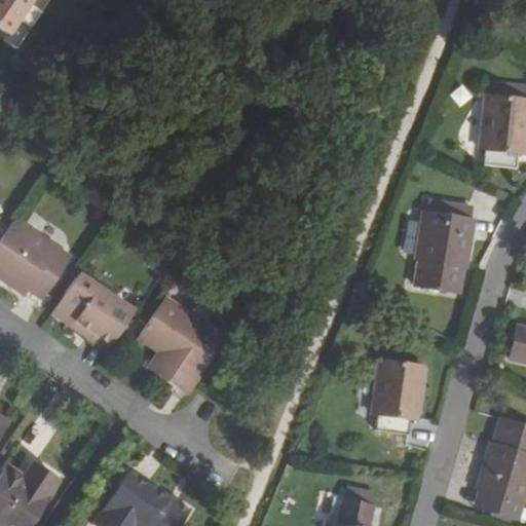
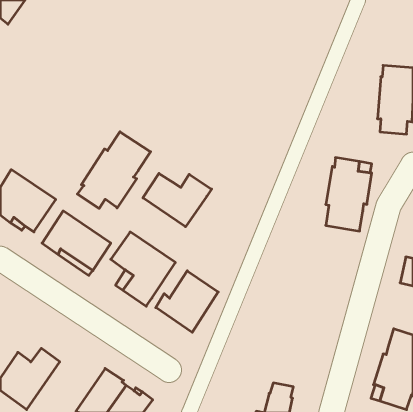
building: none -> [77,132,151,208]
building: none -> [143,173,212,227]
building: none -> [156,271,218,332]
building: [371,362,422,437] -> none

